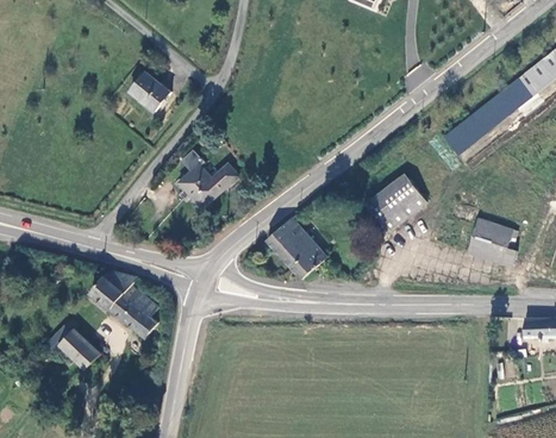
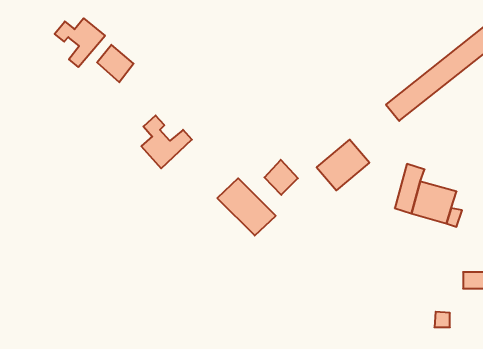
building: none -> [55,18,105,67]
building: none -> [264,160,298,195]
building: [94,270,161,338] -> none
building: [62,328,104,370] -> none

